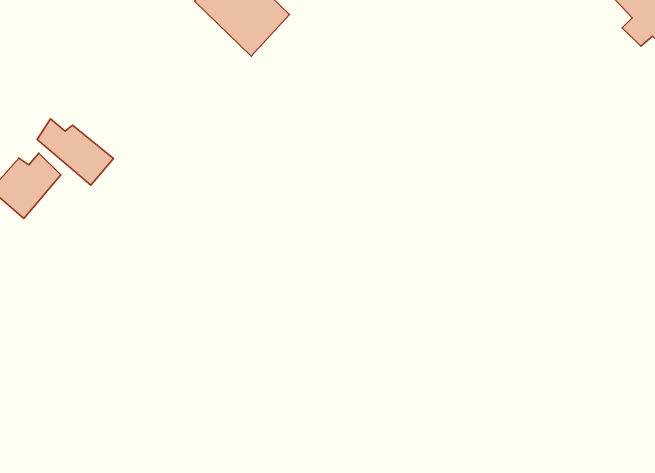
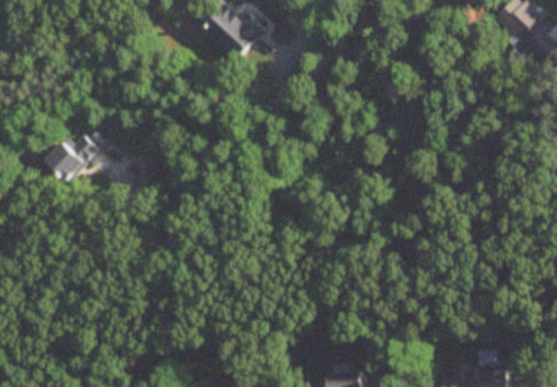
building: [37,119,113,185] -> none

